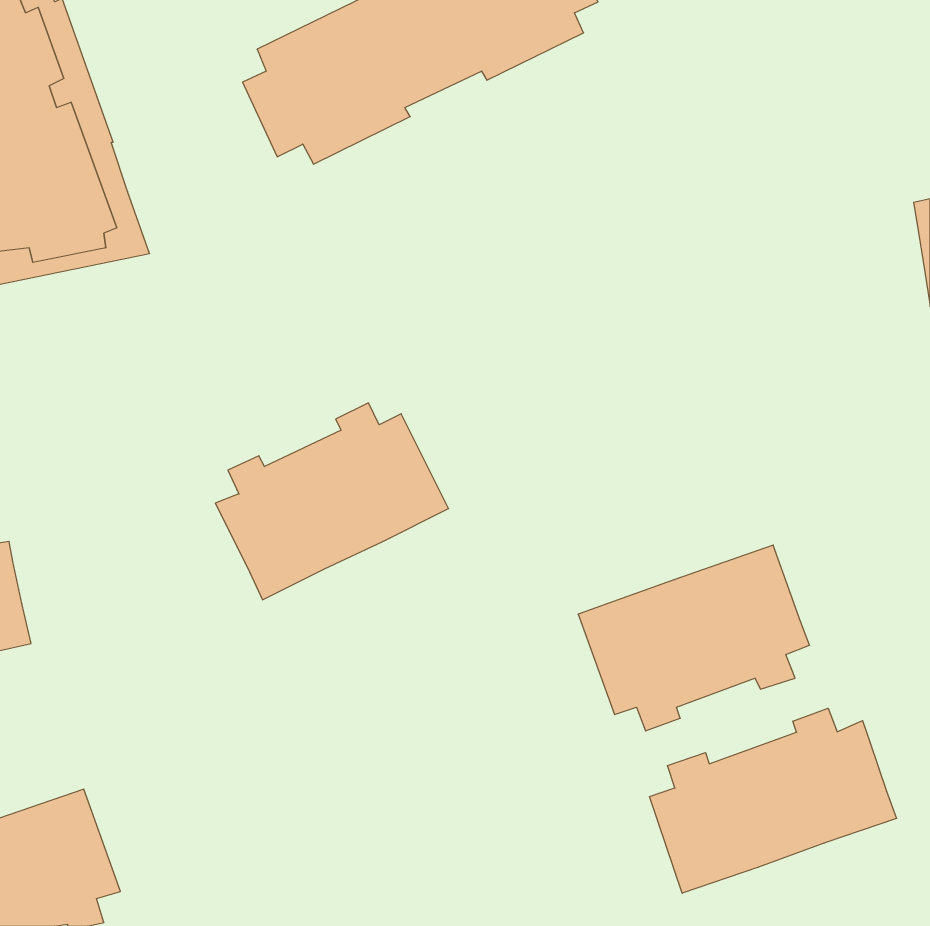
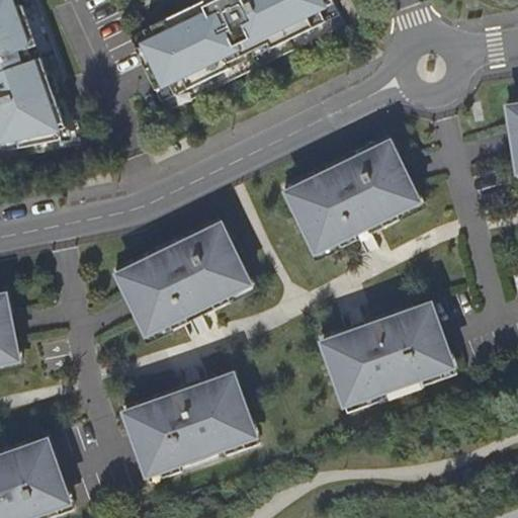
building: none -> [287,141,418,251]
building: none -> [123,372,252,476]
building: [650,708,897,893] -> none

